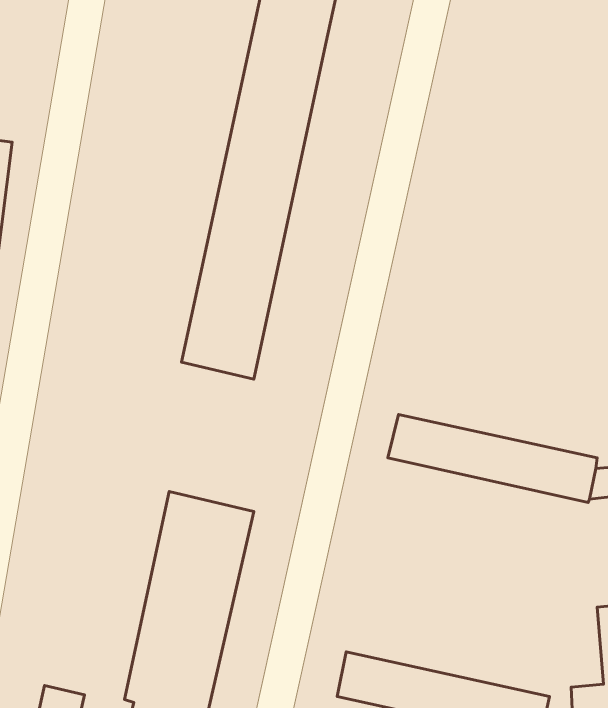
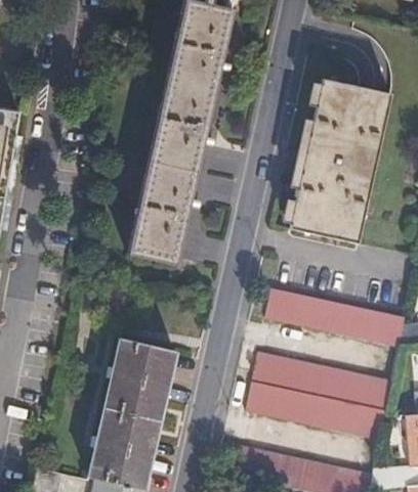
building: none -> [290,79,389,241]
building: none -> [245,353,391,441]

